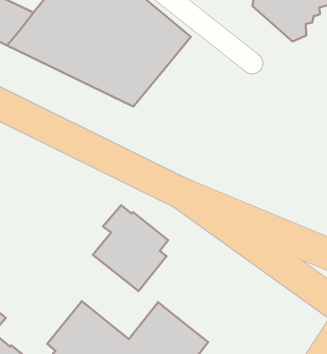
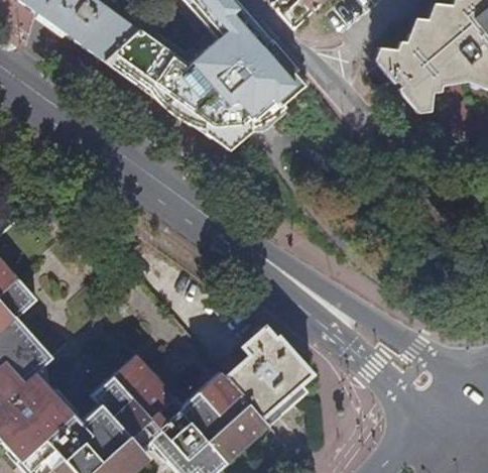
building: [93,205,168,291] -> [226,329,312,427]

